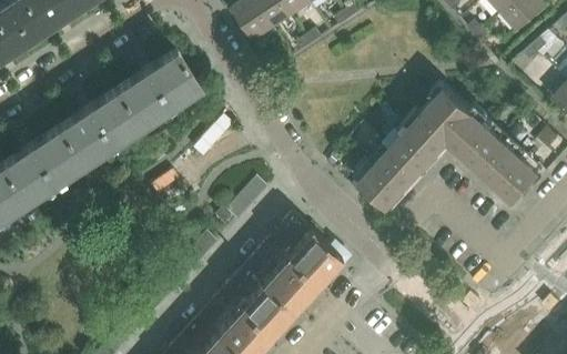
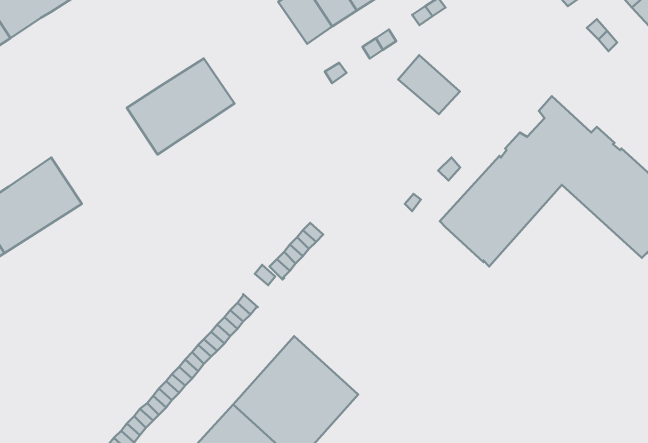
building: none -> [398,55,460,114]
building: [59,93,140,166] -> none
building: [244,216,341,312] -> none

